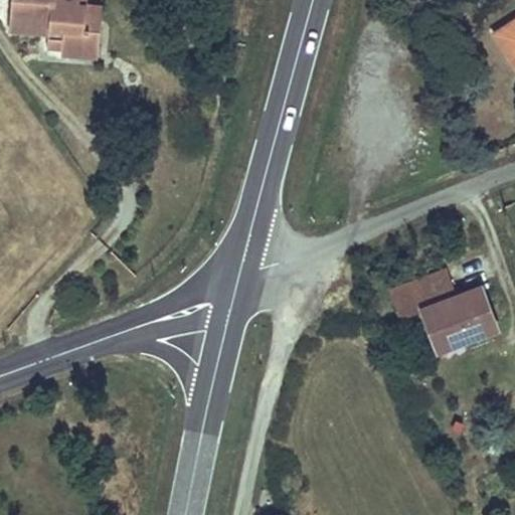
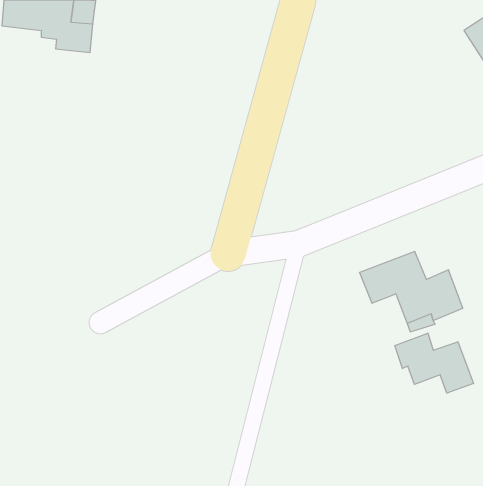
building: none -> [395,333,474,393]

